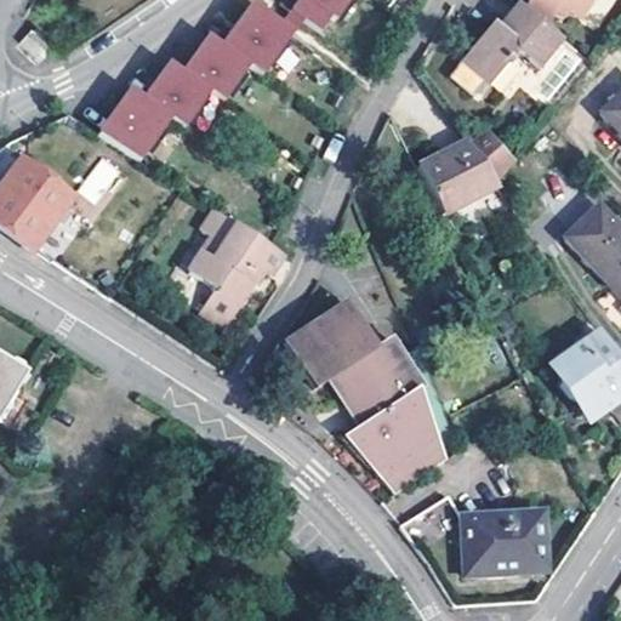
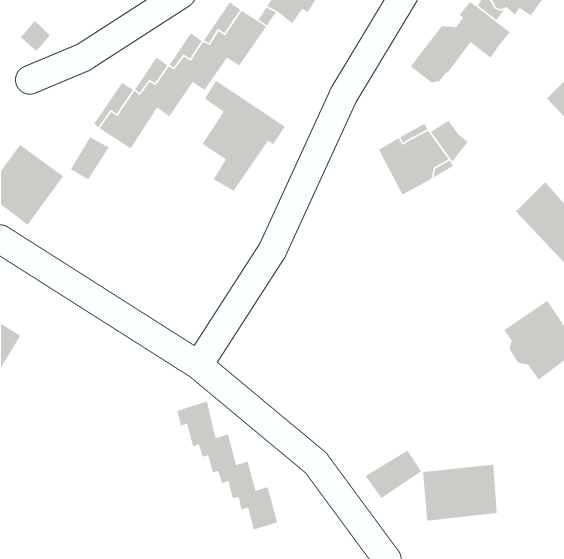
building: [188,199,280,321] -> [202,80,286,192]
building: [283,298,448,489] -> none
building: none -> [176,400,278,531]

